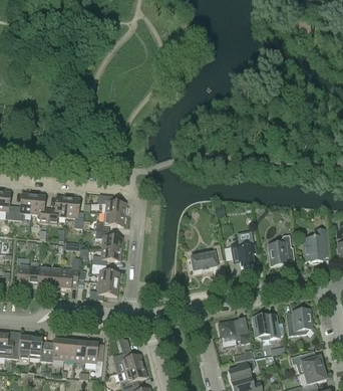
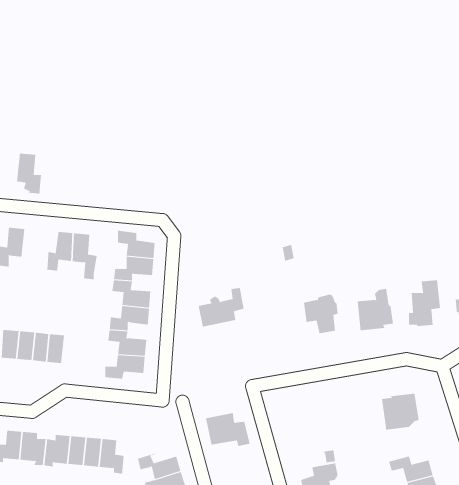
building: [31,192,49,221] -> [16,153,42,194]
building: [190,243,223,271] -> [198,287,245,327]
building: [59,256,79,288] -> none
building: [252,314,283,339] -> none
building: [218,319,250,343] -> [205,413,250,447]

